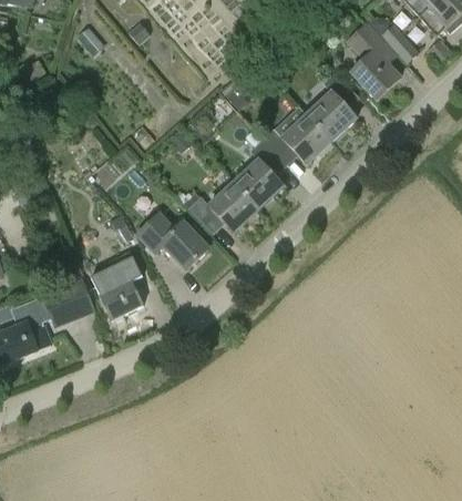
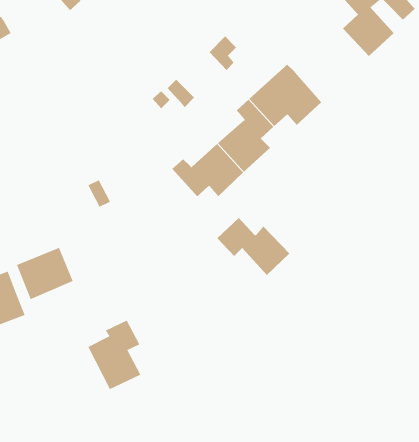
building: [306,73,359,143] -> none
building: [137,214,207,269] -> [217,217,290,276]
building: [91,252,142,318] -> [87,320,141,390]

